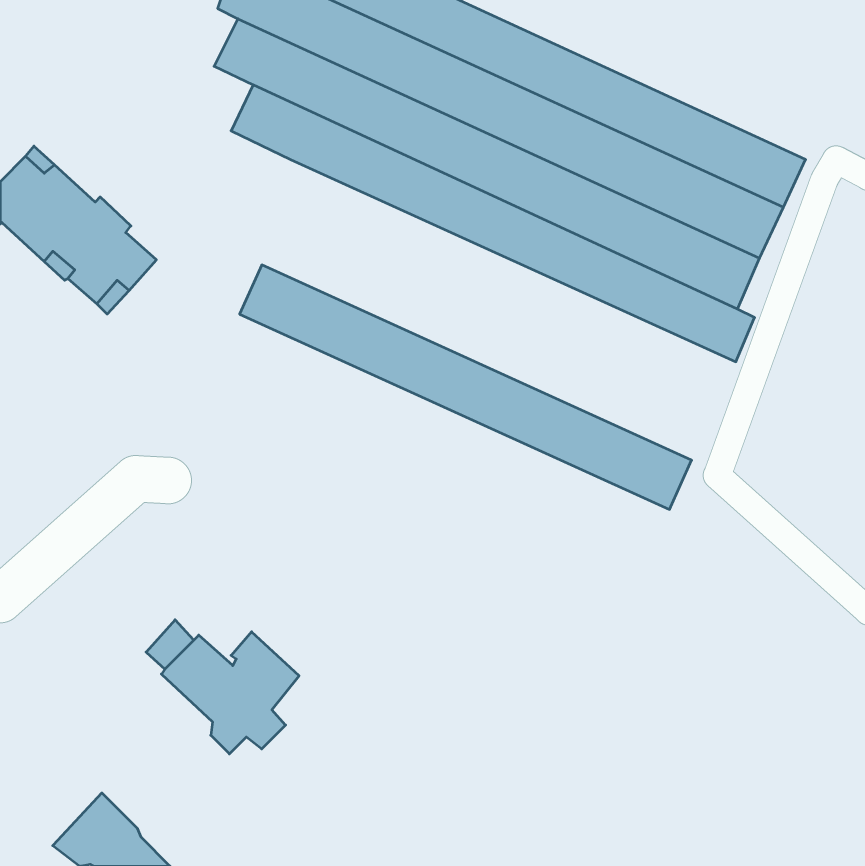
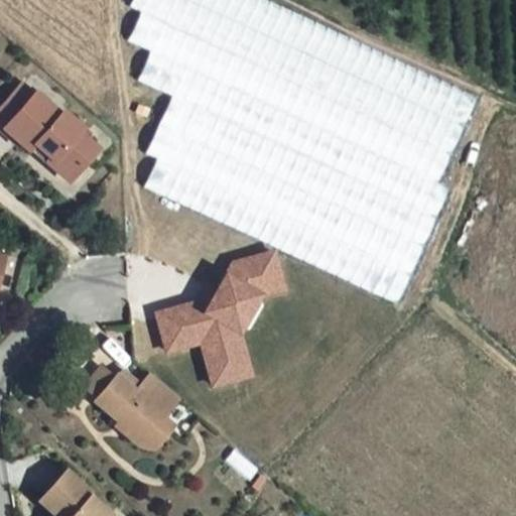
building: none -> [147,95,438,273]
building: none -> [155,248,287,388]

